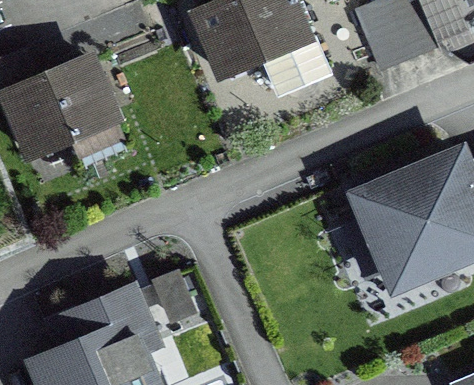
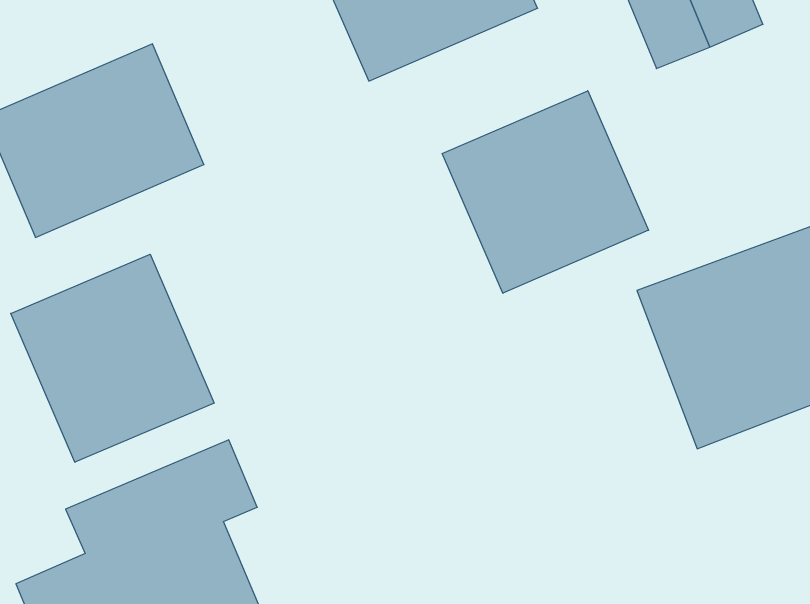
building: none -> [442,91,649,293]
building: none -> [11,254,214,462]

